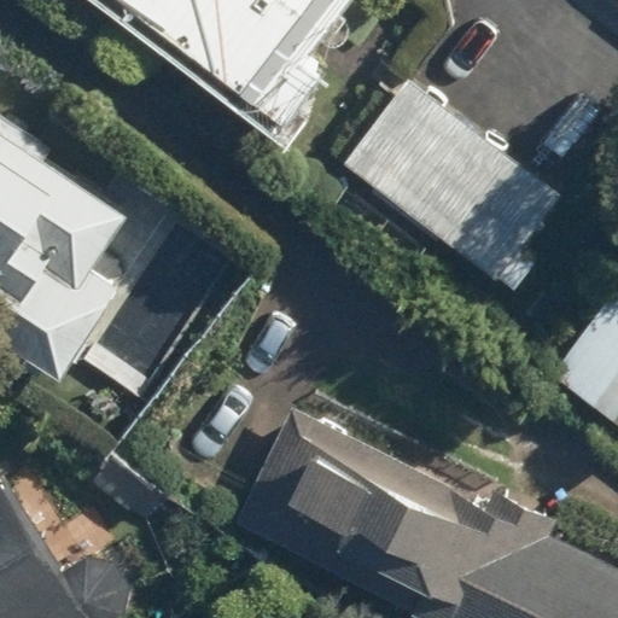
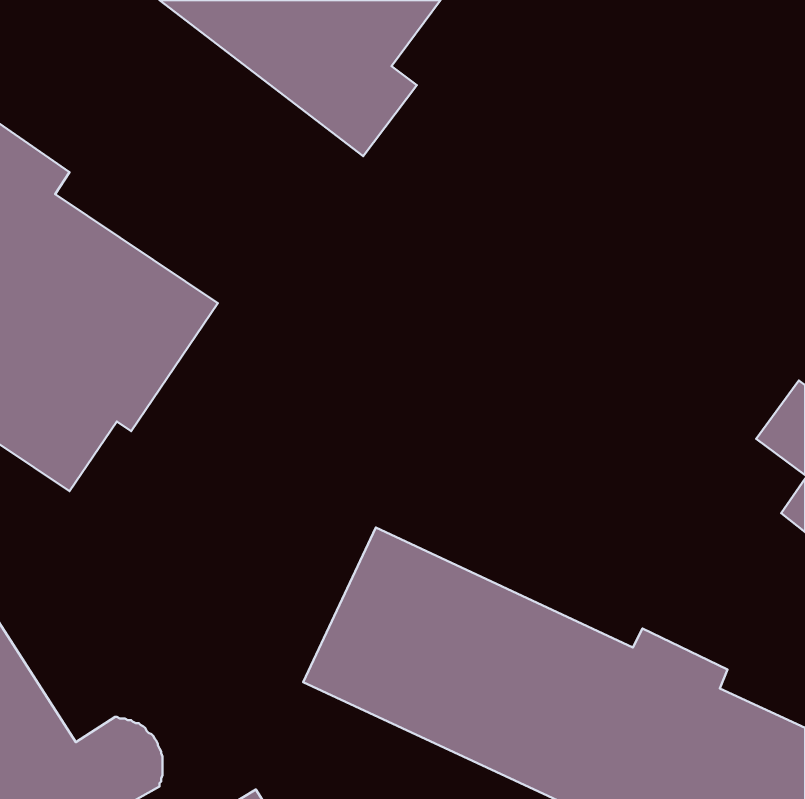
building: [343,76,560,297] -> none

